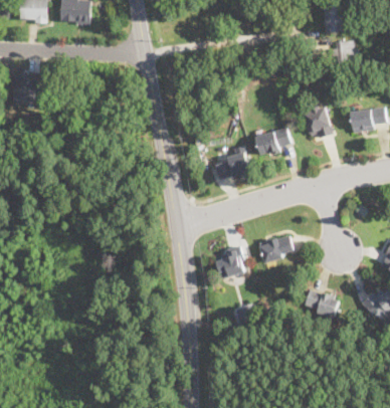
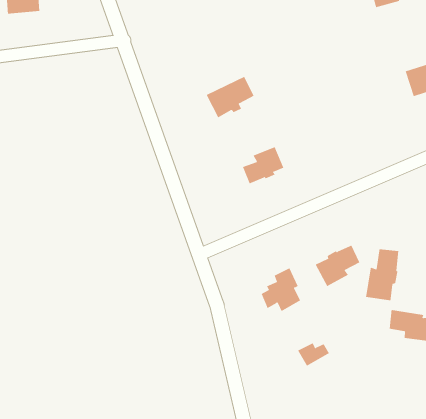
building: [305,106,334,138] -> none
building: [255,128,291,156] -> [206,76,254,118]
building: none -> [366,249,399,301]

